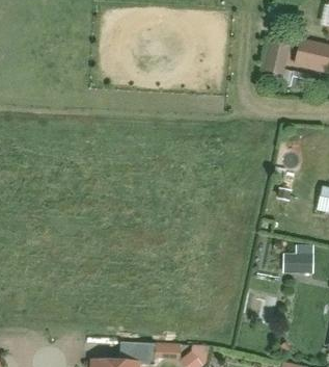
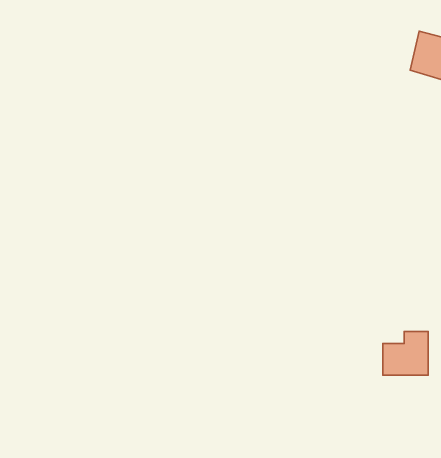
building: [265,37,292,75] -> none

